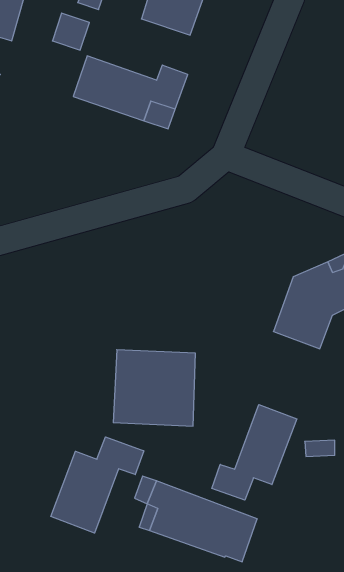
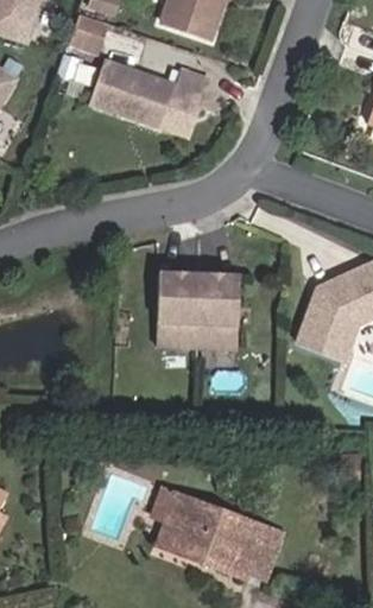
building: [113,350,195,426] -> [154,271,239,349]
building: [212,405,297,500] -> none
building: [51,437,144,533] -> none

